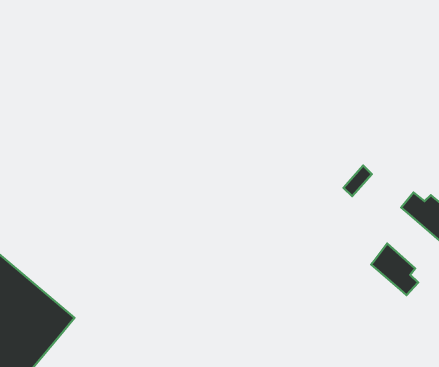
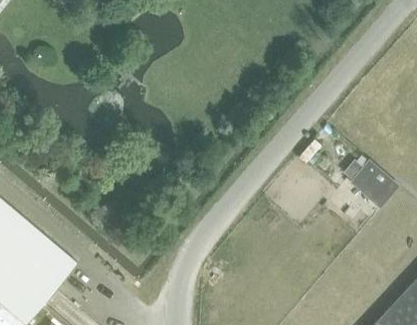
building: [371,244,418,295] -> none

